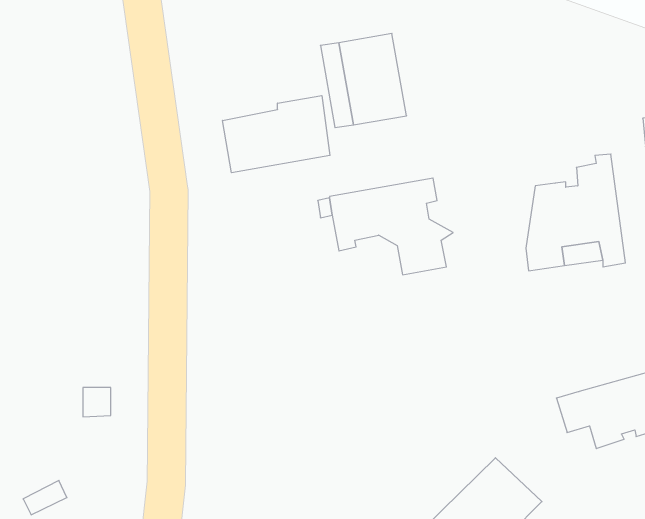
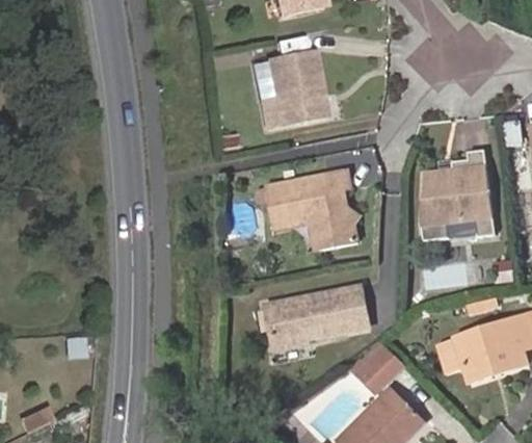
building: [223,96,330,173] -> none
building: none -> [261,291,364,347]
building: none -> [349,339,407,392]

